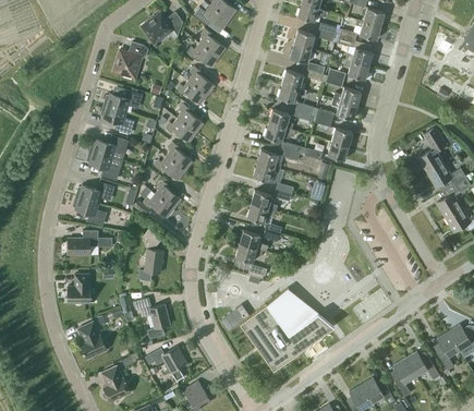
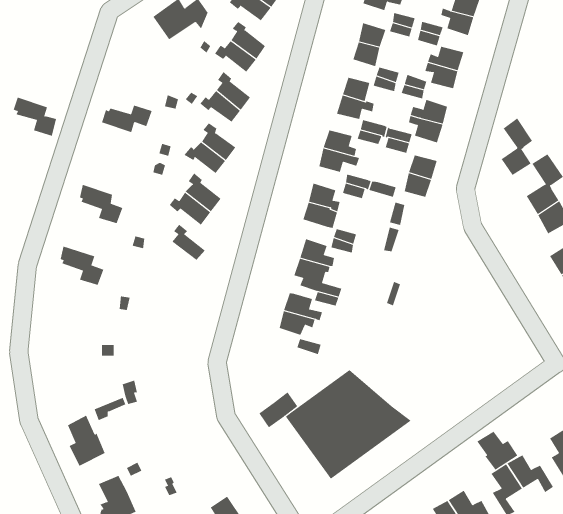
building: [113,43,148,80] -> none
building: none -> [501,117,533,176]
building: [100,105,133,134] -> [13,97,57,136]
building: [89,137,127,158] -> none
building: [75,183,113,204] -> none
building: [133,193,174,218] -> none
building: [139,230,163,280] -> none
building: [68,231,112,255] -> none
building: [68,275,90,303] -> none
building: [133,299,170,339] -> none
building: none -> [477,431,518,471]
building: [145,347,187,382] -> none

